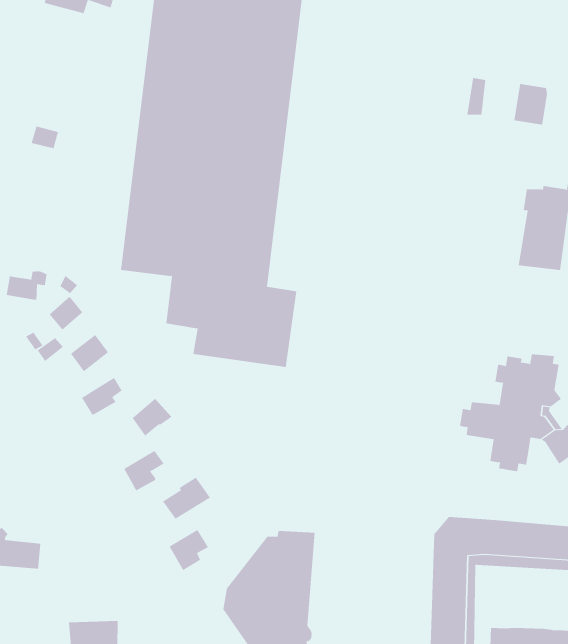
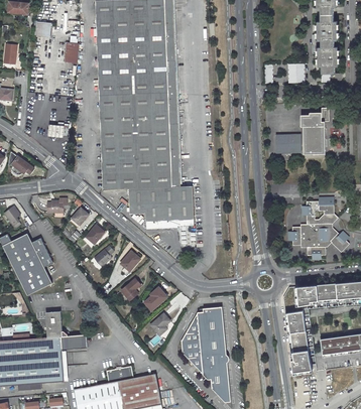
building: none -> [276,136,298,153]

